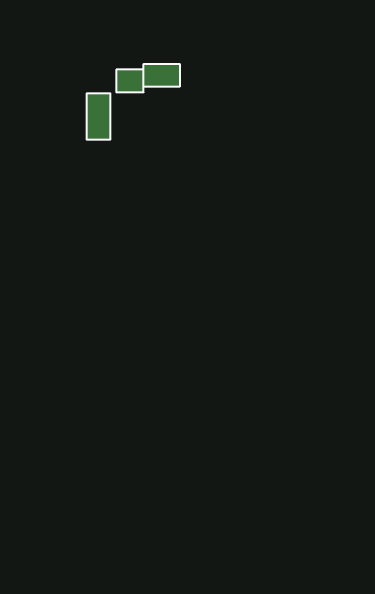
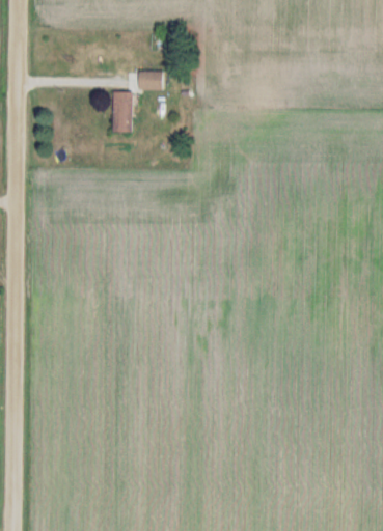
building: [144,64,180,87] -> none

